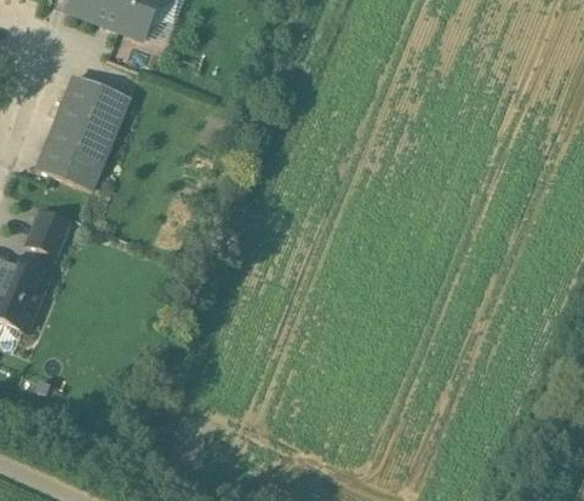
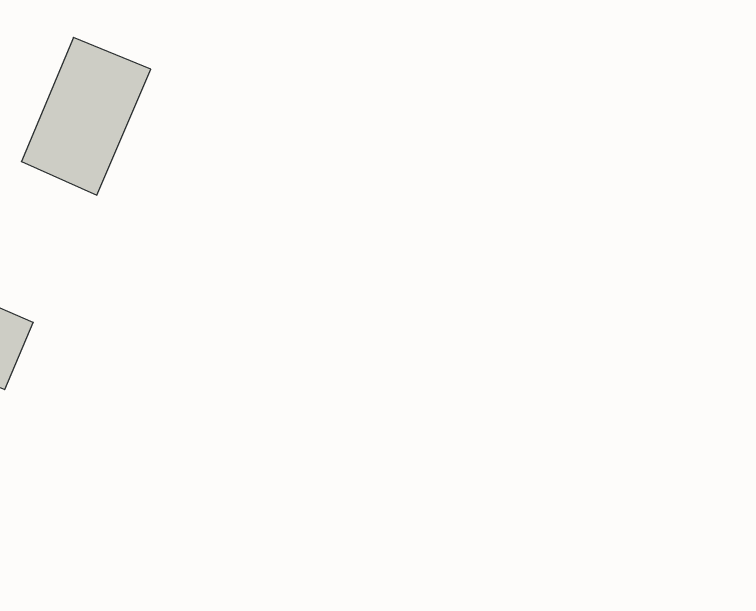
building: [27,211,69,254] -> none

